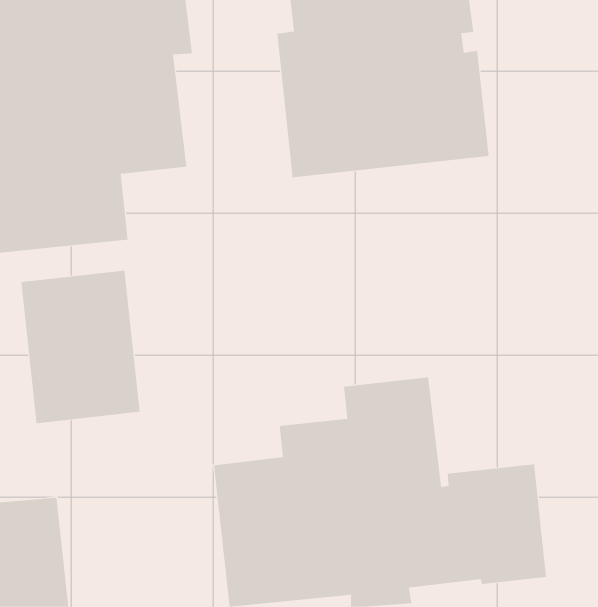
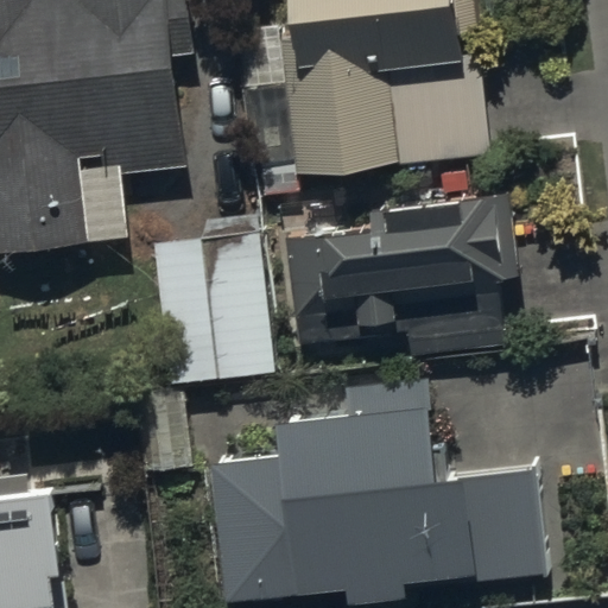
building: none -> [281,192,517,355]
building: [20,270,141,424] -> [152,229,272,382]

